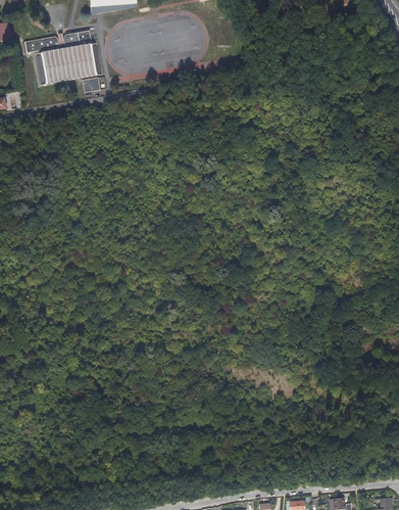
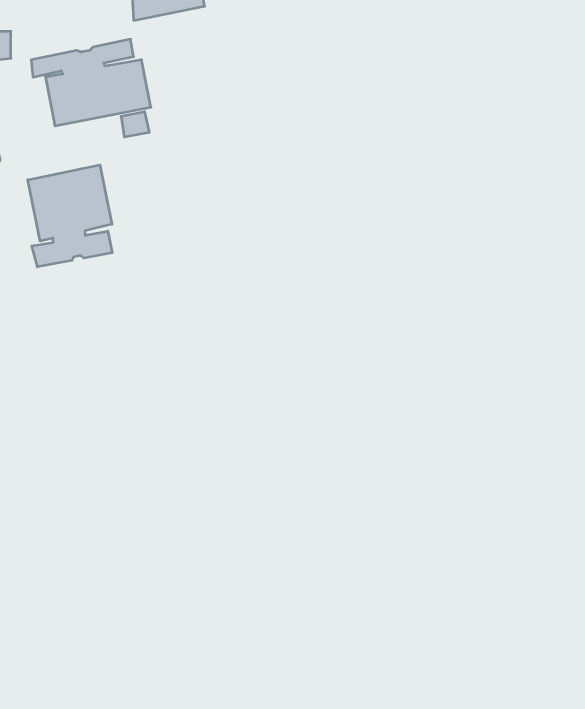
building: none -> [28,165,112,267]

